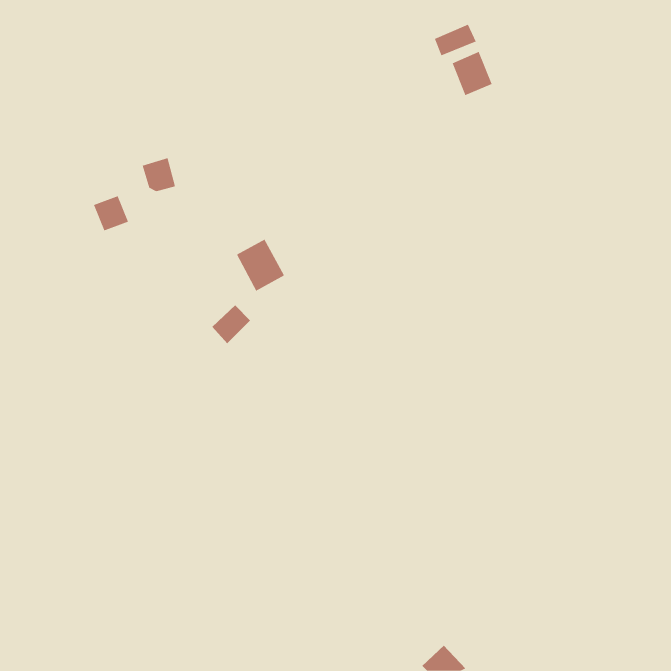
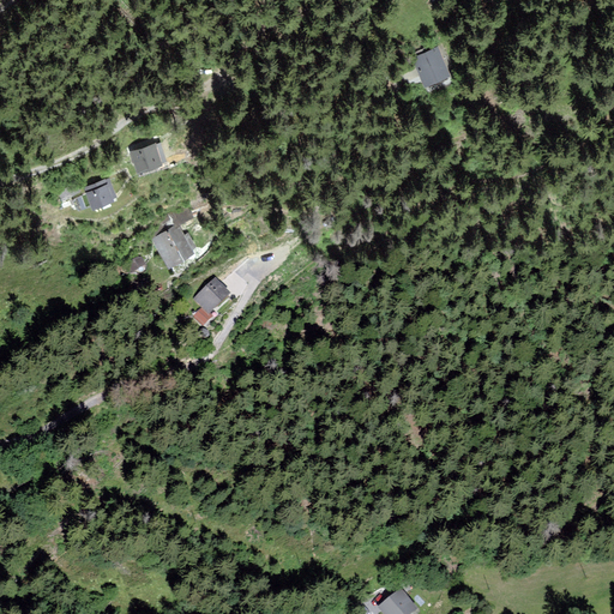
building: [434,24,477,56] -> none
building: [236,239,285,291] -> [152,222,197,270]

